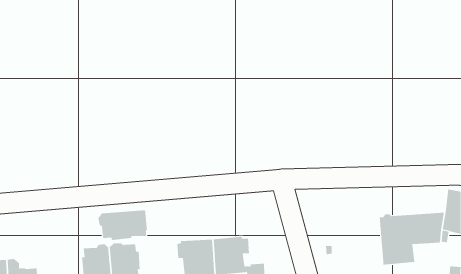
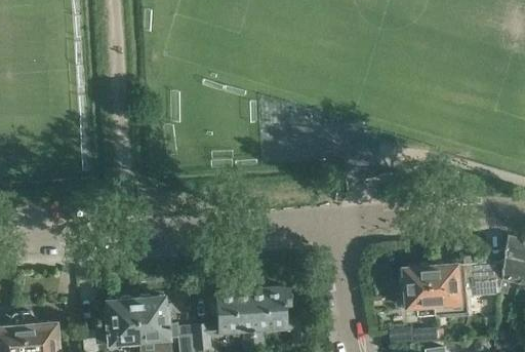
building: [98,209,147,241] -> none
building: none -> [401,263,437,315]

